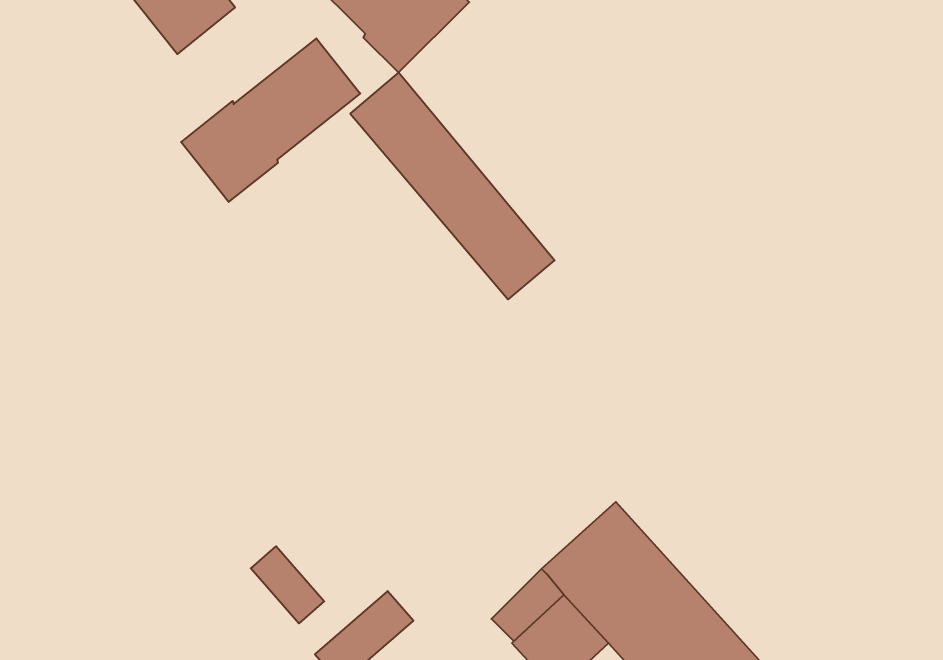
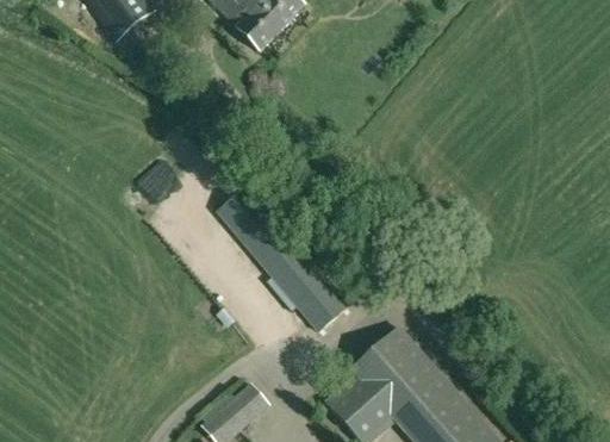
building: [181,38,360,202] -> none
building: [350,73,555,299] -> [216,185,347,330]
building: [251,546,324,623] -> none

